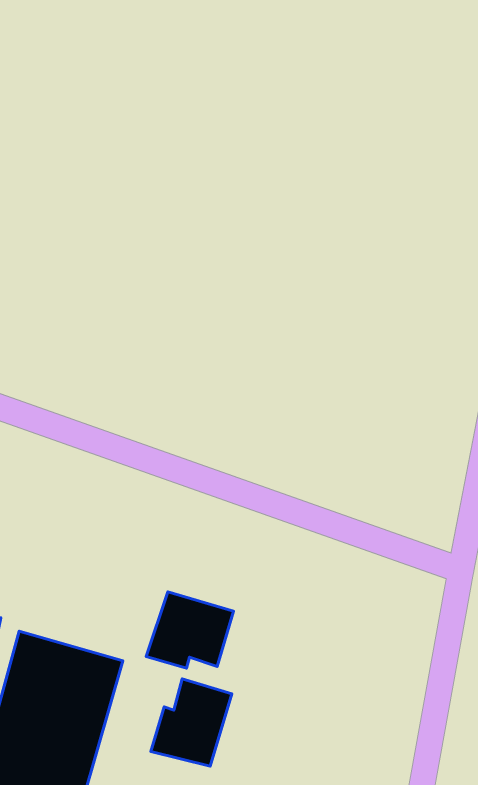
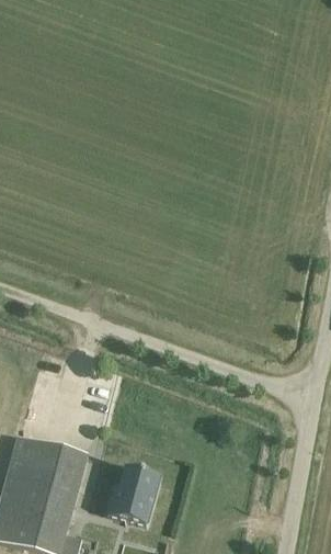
building: [146,592,233,668] -> none

